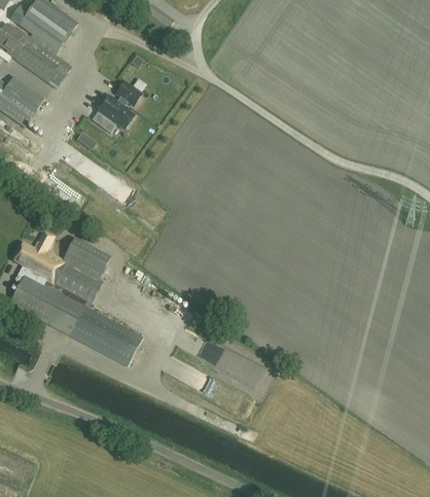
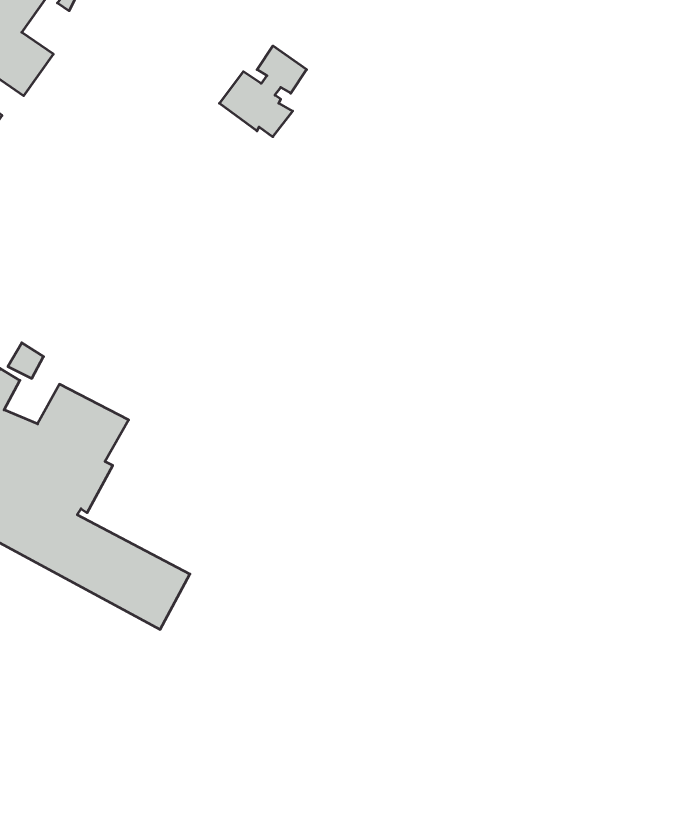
building: [95,80,140,128] -> [219,46,307,137]

